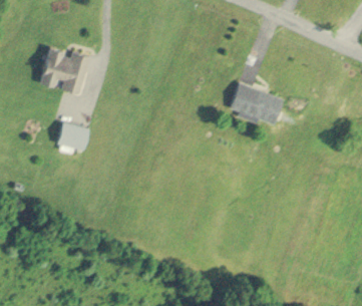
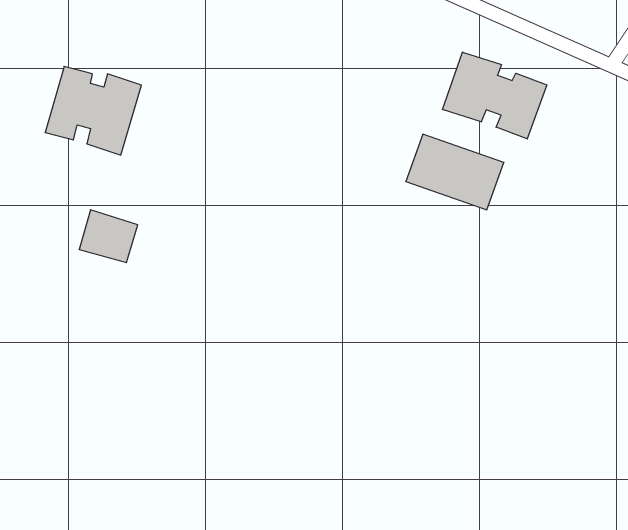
building: none -> [443,52,547,139]

